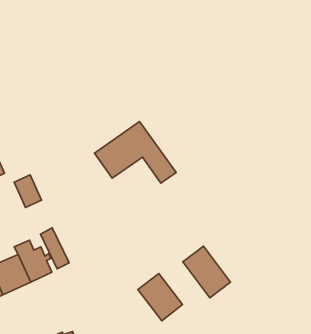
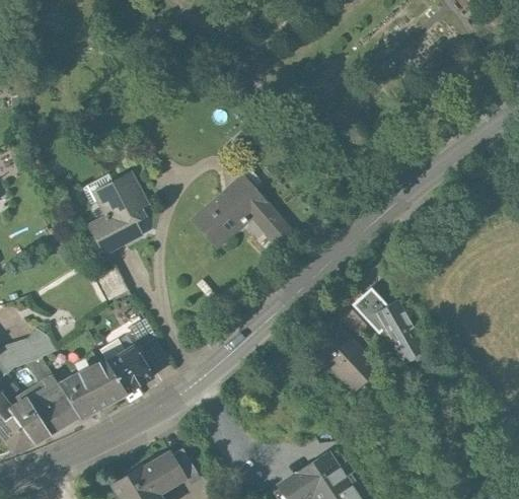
building: none -> [87,174,151,259]
building: none -> [351,287,426,364]
building: [138,273,182,321] -> none

